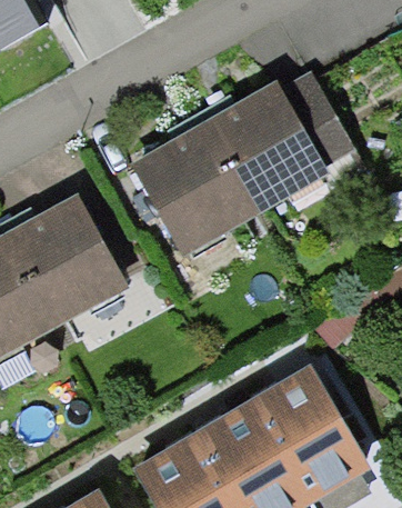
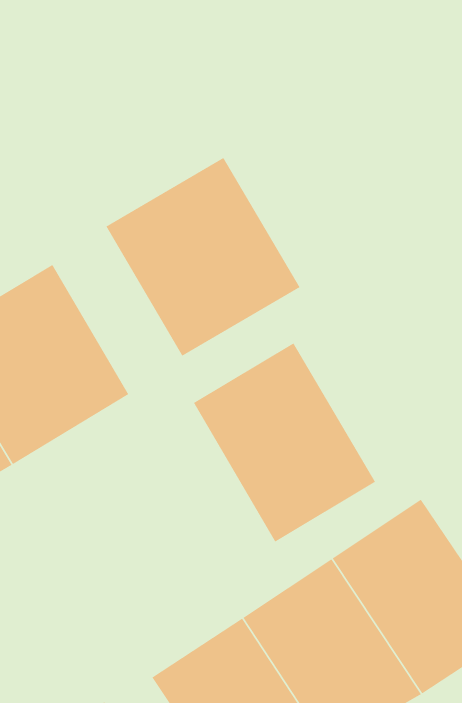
building: [202,84,331,218] -> none
building: none -> [193,343,376,542]

